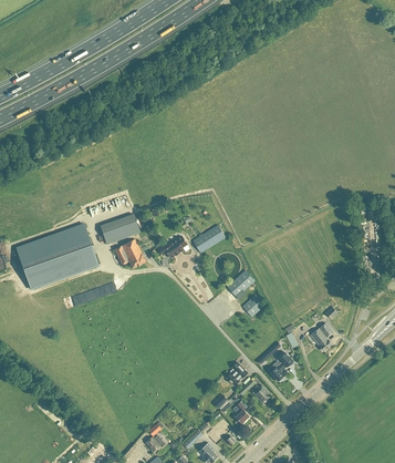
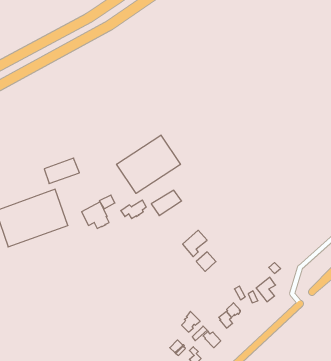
building: none -> [117,135,180,193]
building: [100,215,139,244] -> [44,158,79,184]

